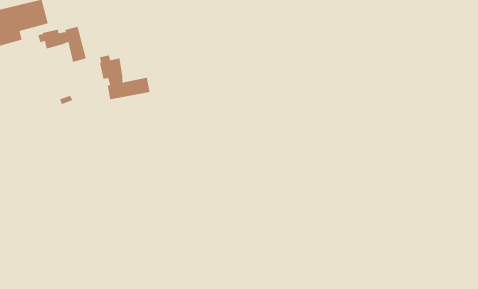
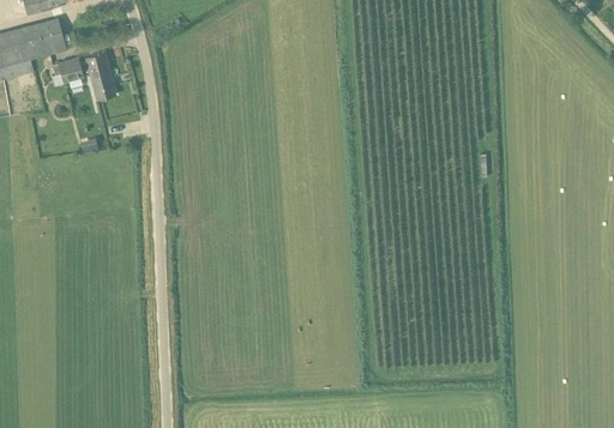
building: [99,54,150,100] -> none

